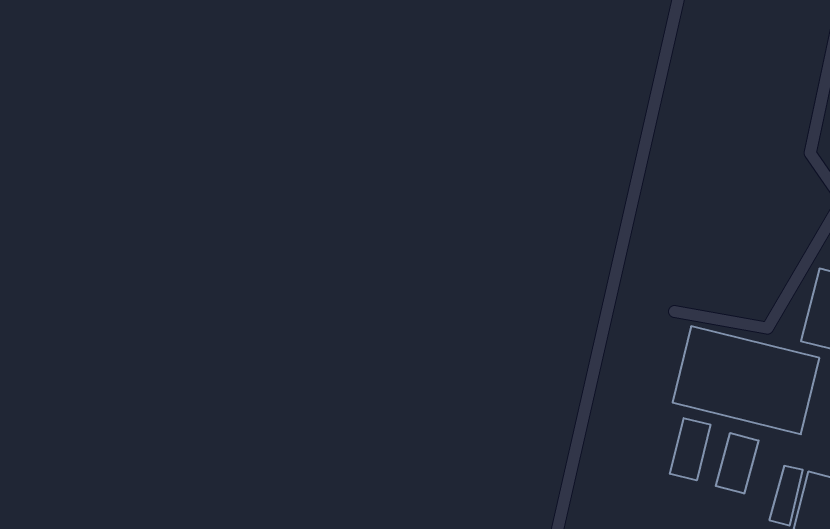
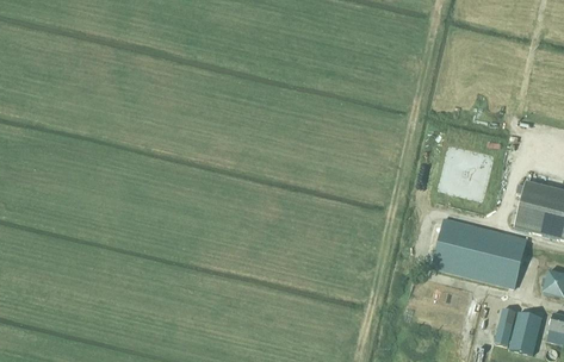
building: [670,418,710,480] -> none
building: [716,433,759,494] -> none

